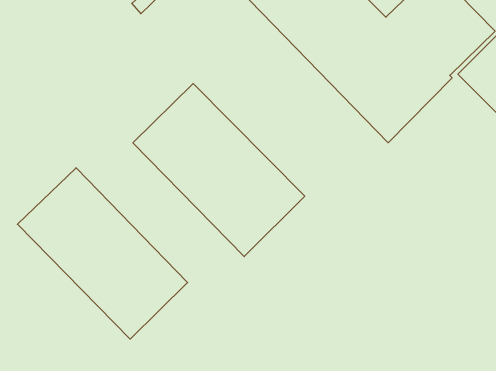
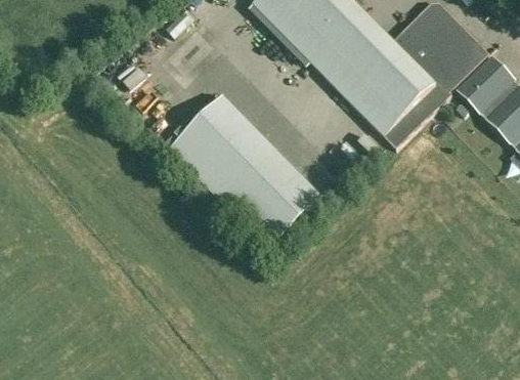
building: [17,168,188,339] -> none

